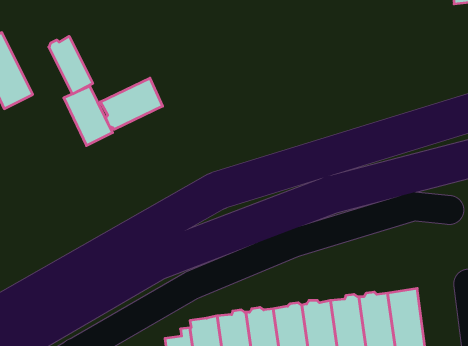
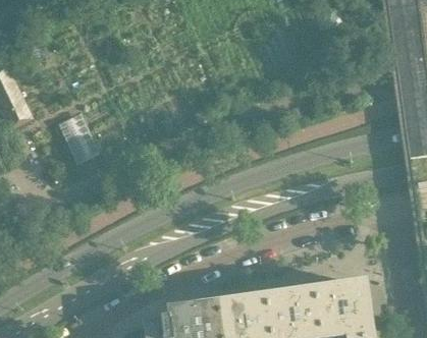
building: [49,36,93,94] -> none
building: [100,78,163,129] -> none

